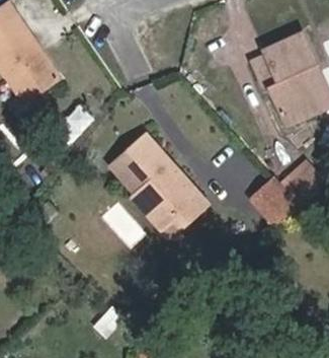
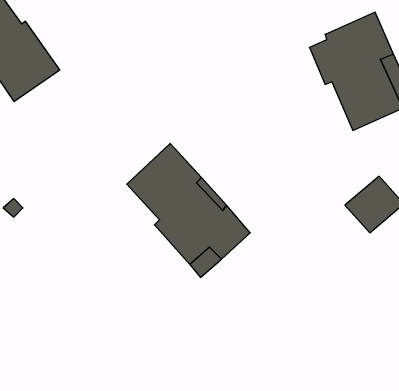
building: [252,177,299,224] -> none

